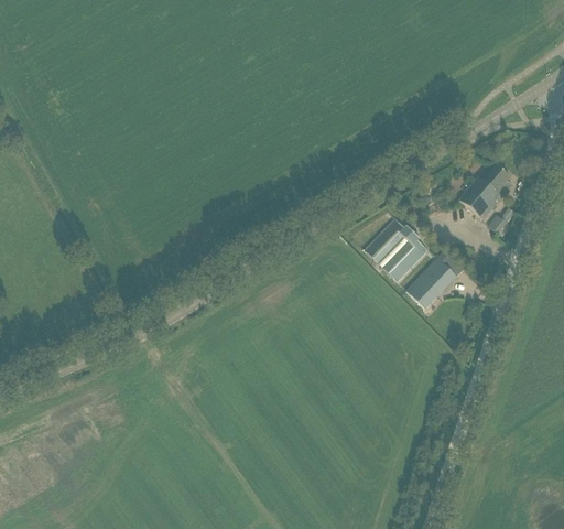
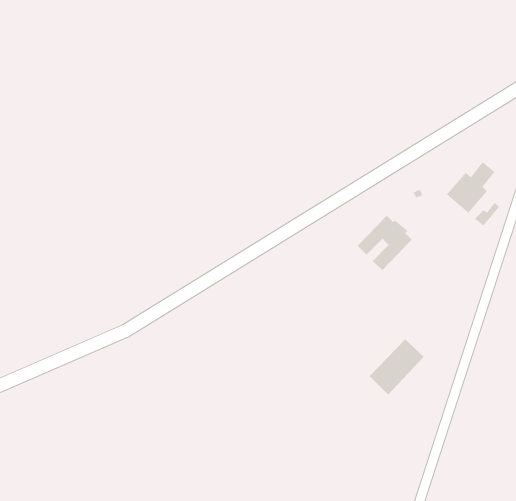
building: [405,251,463,310] -> [369,339,425,396]

